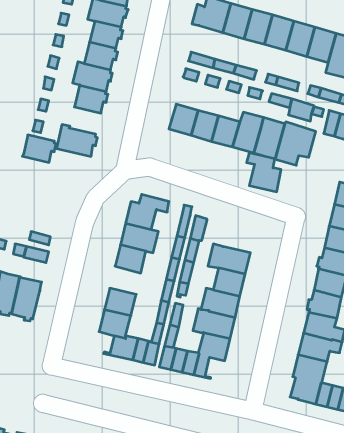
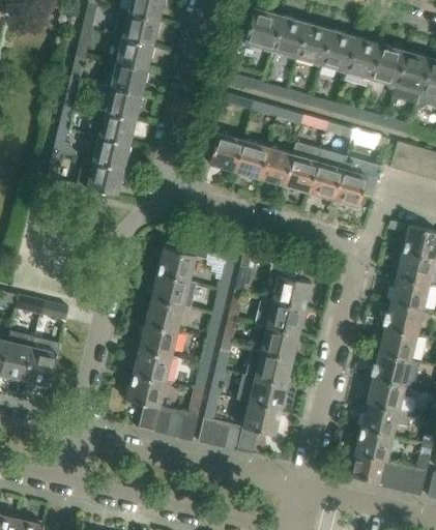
building: [22,135,56,162] -> [92,138,132,170]
building: [247,153,281,192] -> [269,263,310,308]
building: none -> [140,324,176,357]

